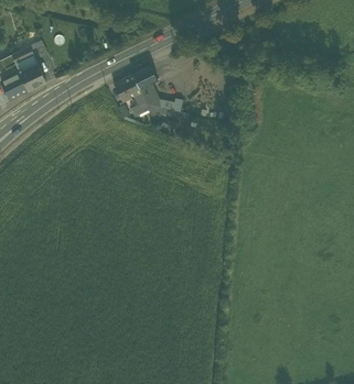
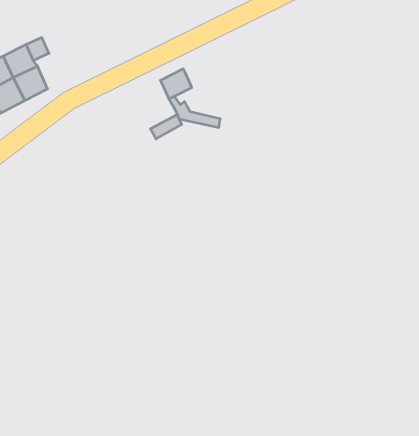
building: [114,75,142,105] -> none

